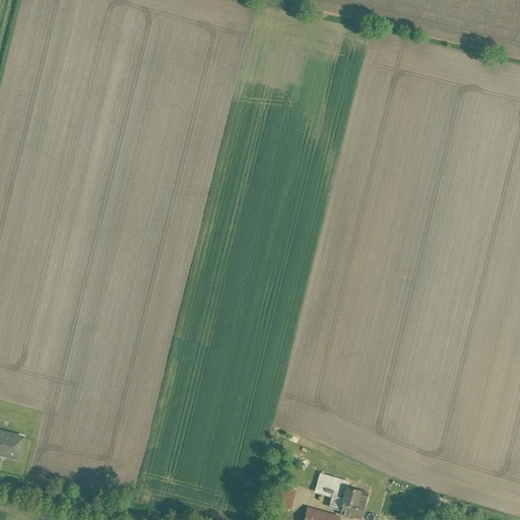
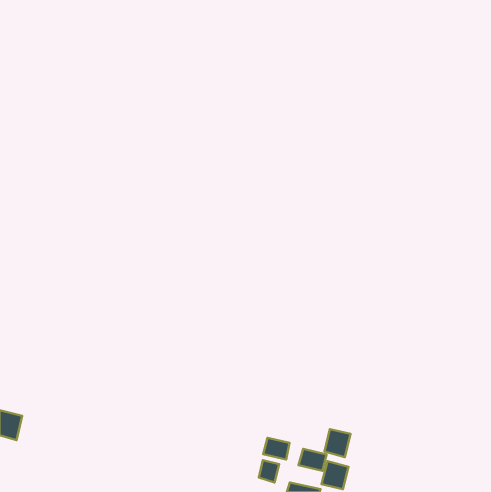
building: none -> [325,429,351,457]
building: none -> [263,438,289,460]

